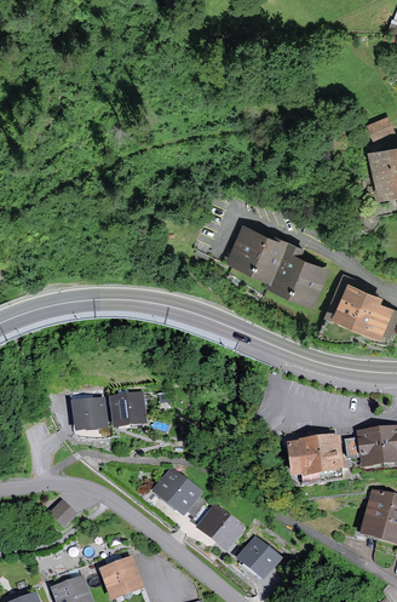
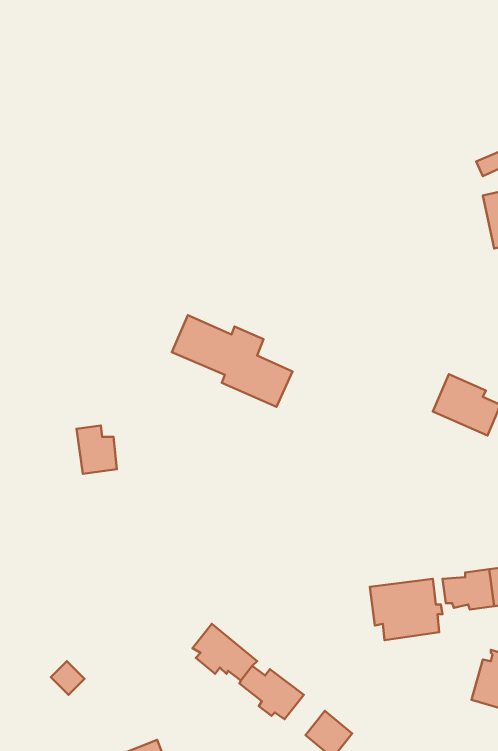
building: [232,230,323,299] -> [172,315,293,407]
building: [74,394,104,430] -> [77,426,117,474]
building: [114,397,143,426] -> none

